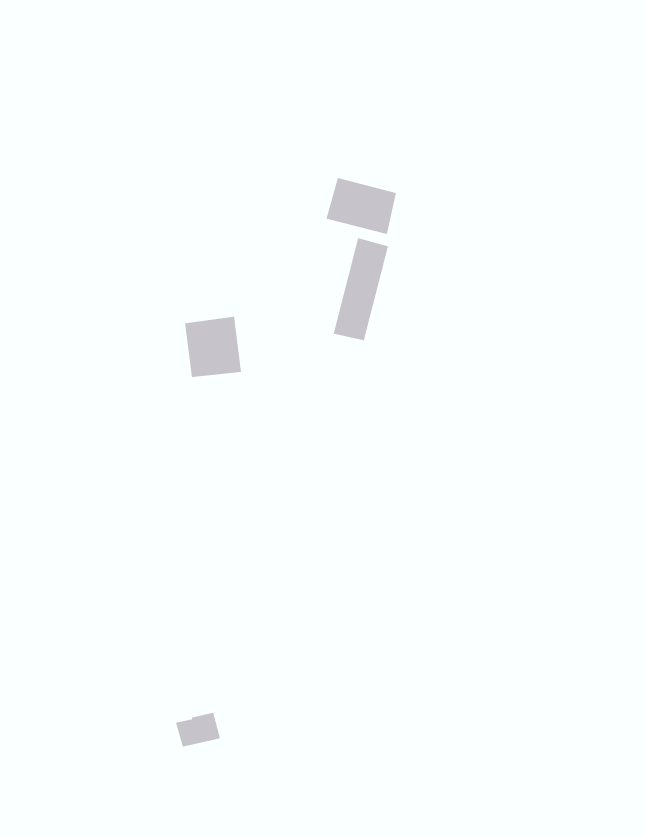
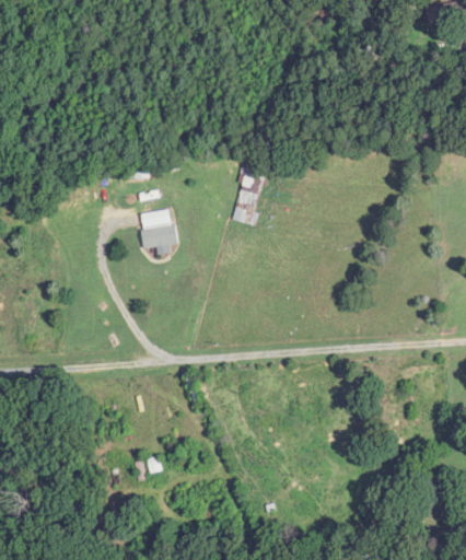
building: [326,177,397,235] -> none

